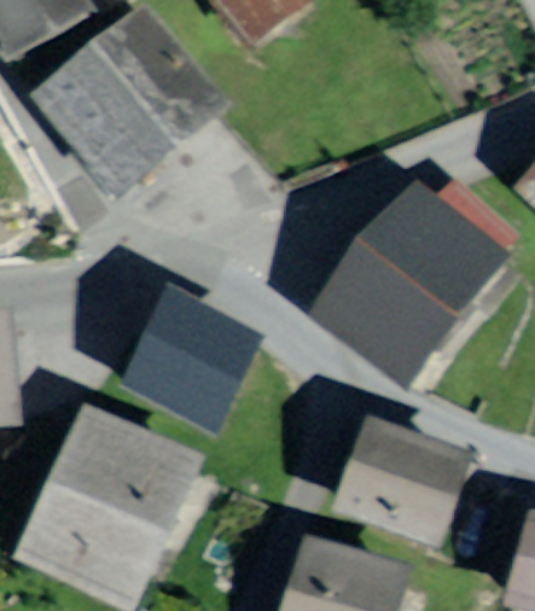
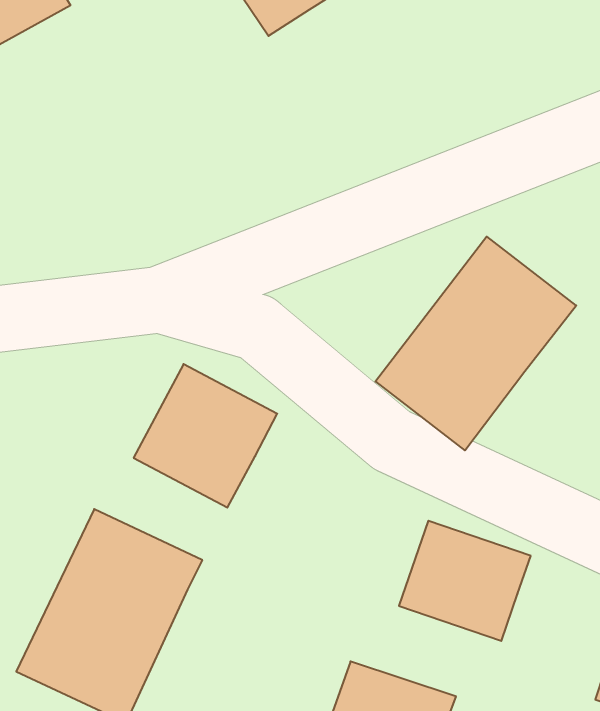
building: [36,8,209,181] -> none

